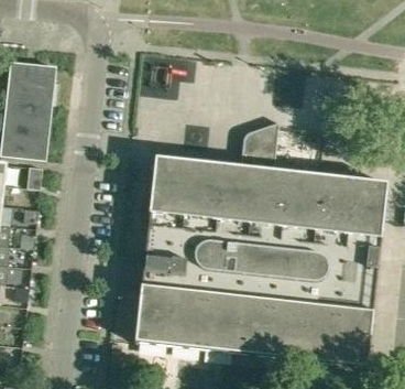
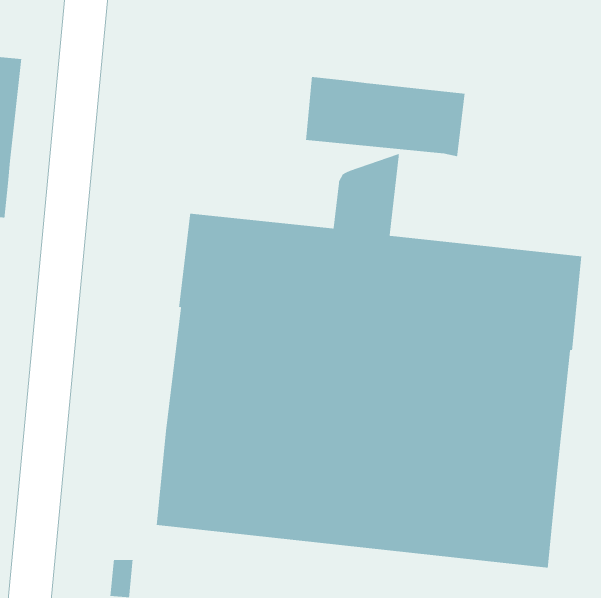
building: none -> [305,76,465,157]

